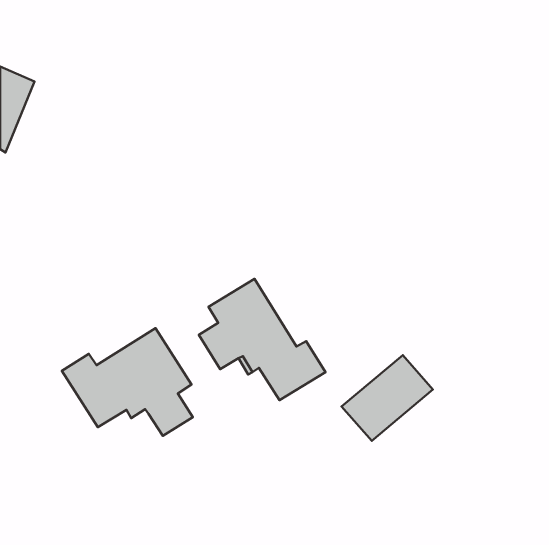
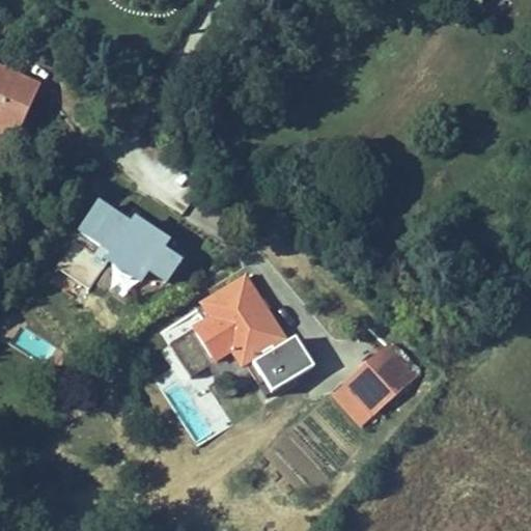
building: none -> [76,196,180,279]
building: [62,328,193,436] -> none

